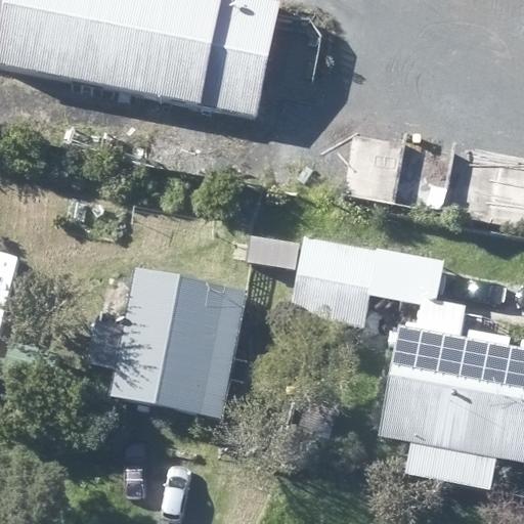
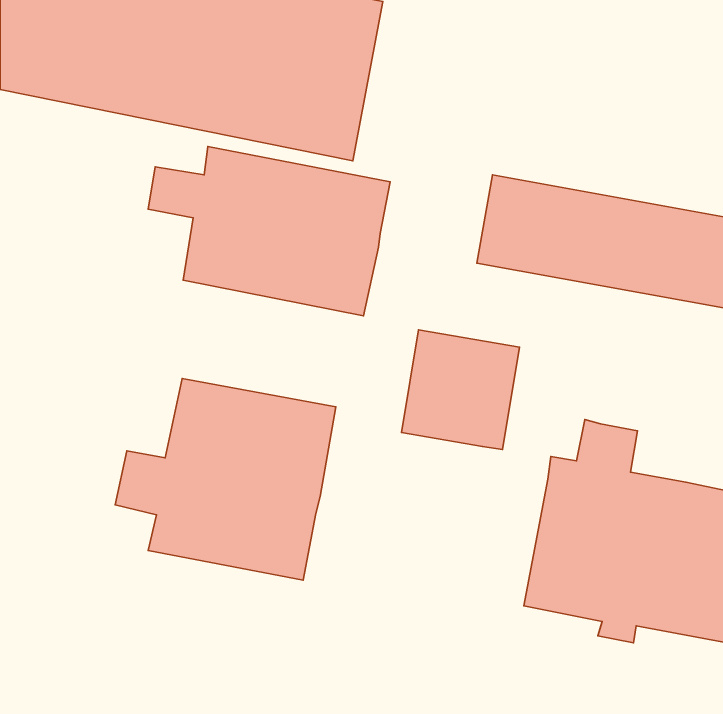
building: none -> [148,147,390,316]

